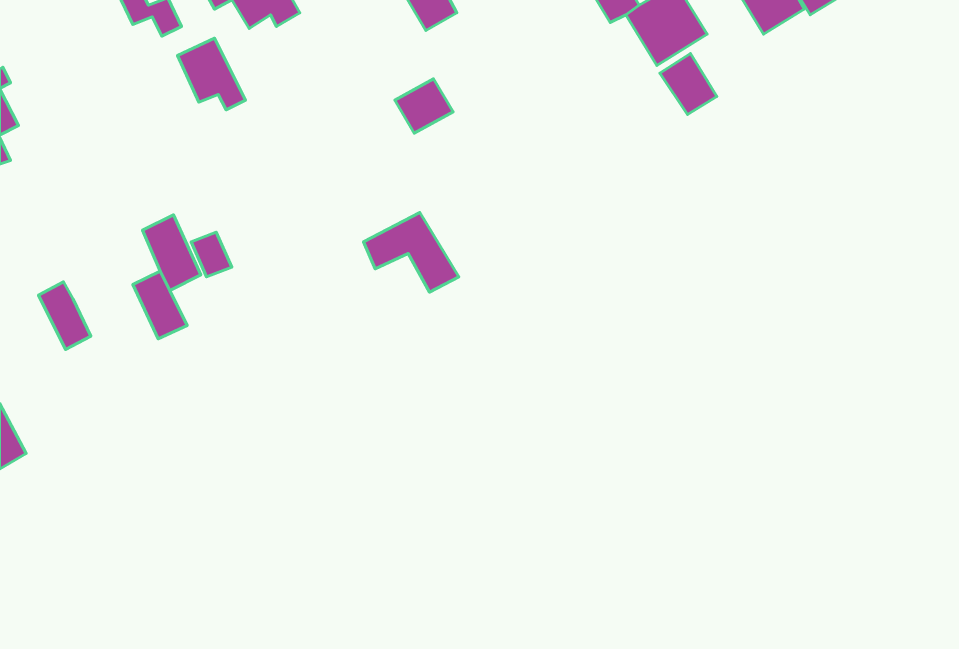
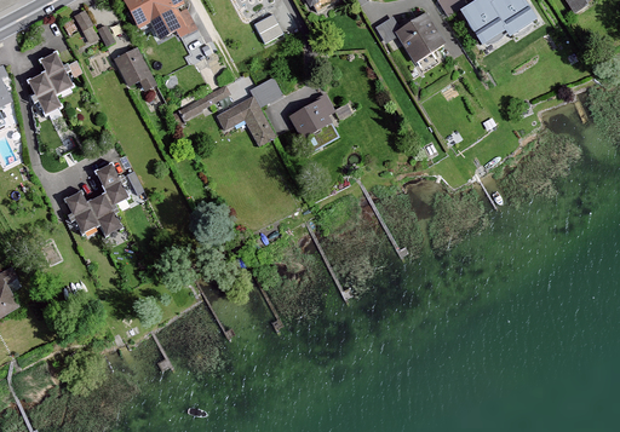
building: none -> [31,54,74,115]
building: [660,54,717,115] -> none
building: none -> [289,102,329,136]
building: [364,213,459,292] -> [217,97,276,146]
building: [38,282,91,350] -> [64,190,97,232]

